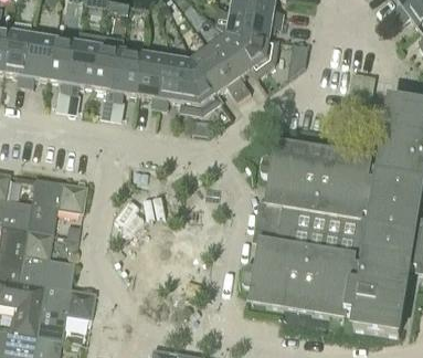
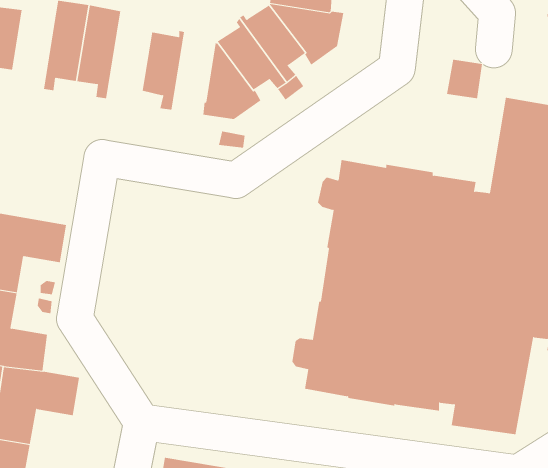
building: [49,38,78,93] -> none
building: [114,45,145,101] -> none
building: [159,53,189,108] -> none

